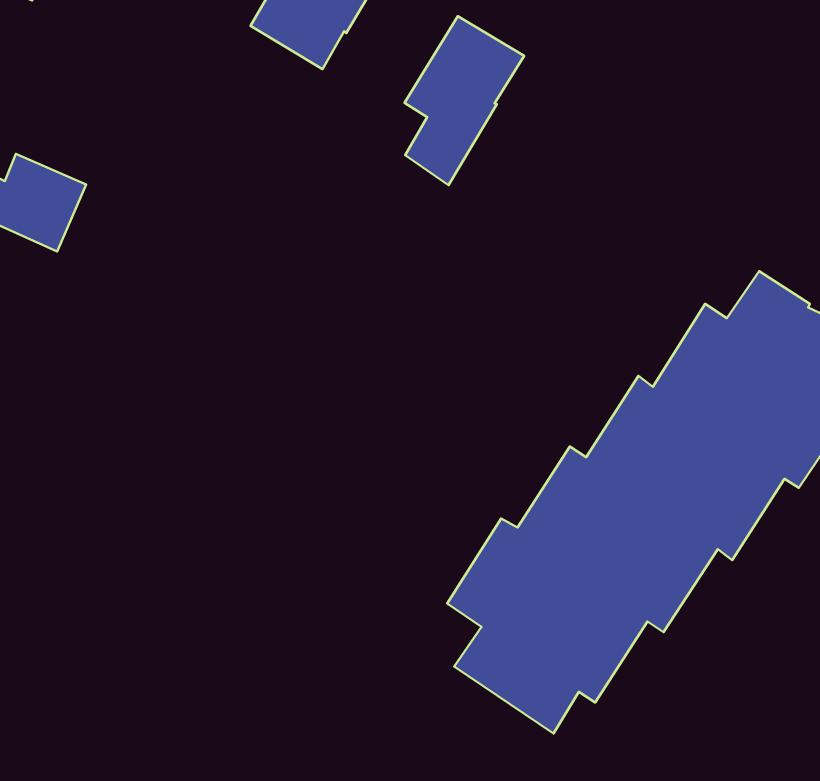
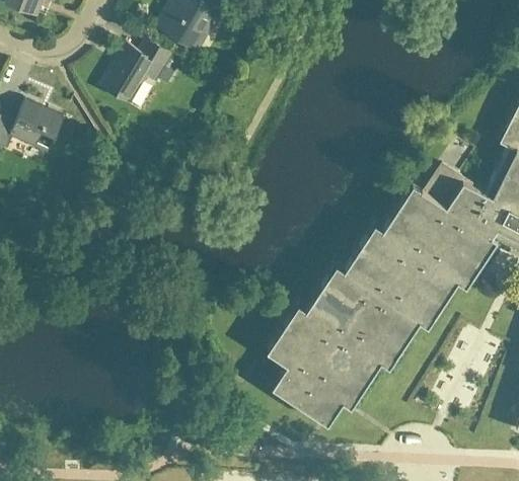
building: [404,16,524,185] -> none
building: none -> [101,41,179,105]

